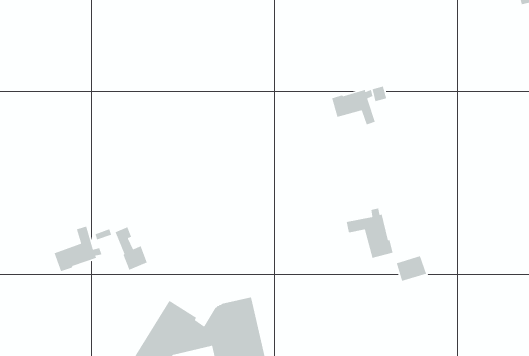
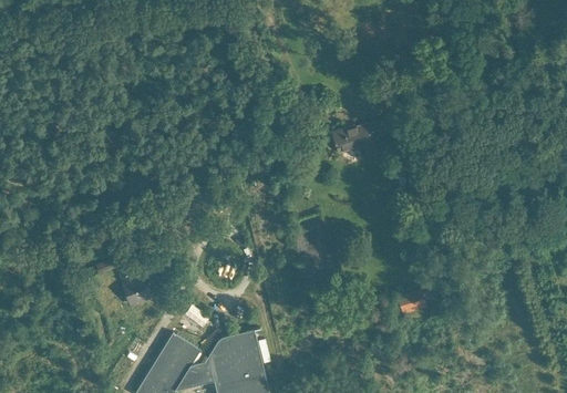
building: [346,207,394,259] -> none
building: [54,225,103,272] -> none

